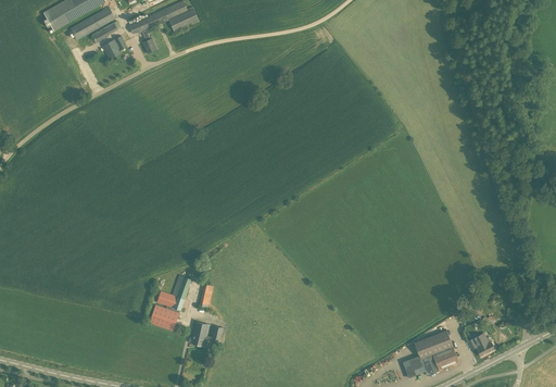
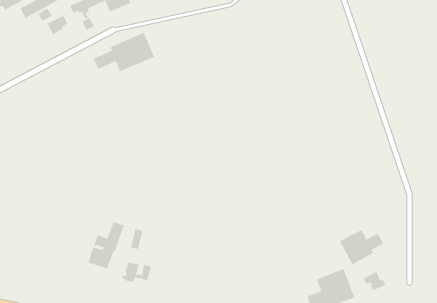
building: none -> [93,32,155,72]
building: none -> [339,229,384,265]

